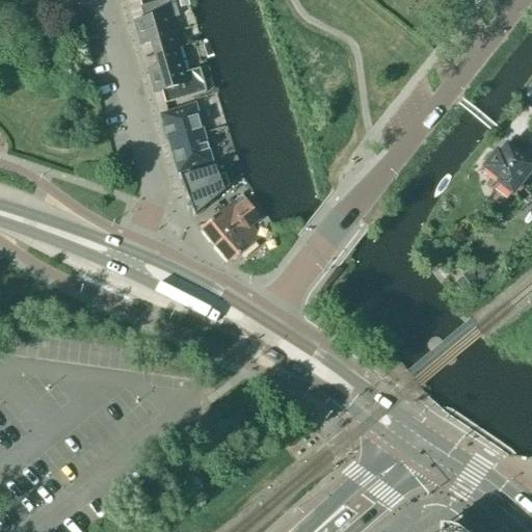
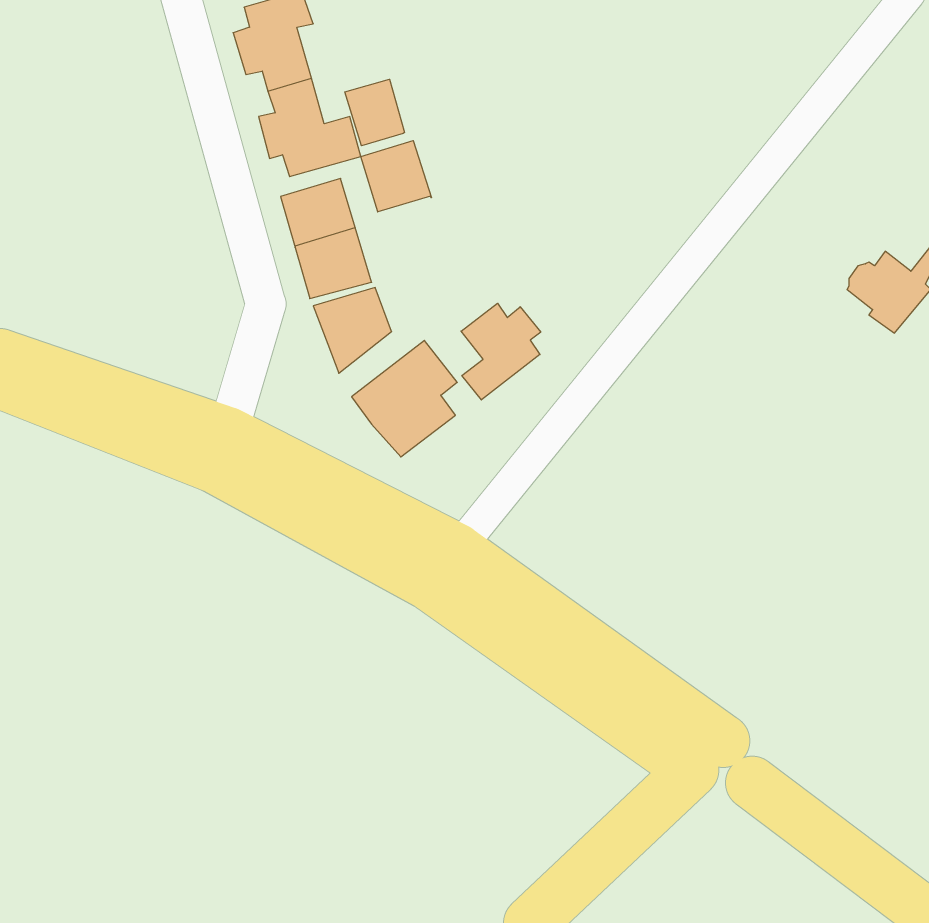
building: none -> [345,79,404,146]
building: none -> [361,141,431,212]
building: none -> [461,303,541,400]

